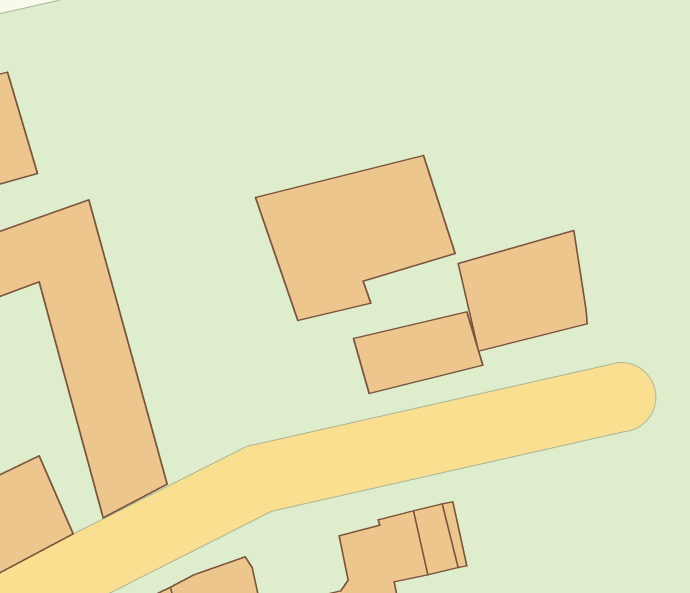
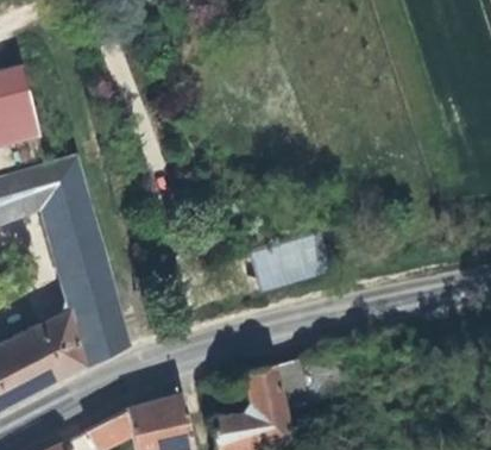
building: [256,155,455,321] -> none
building: [458,230,587,351] -> none
building: none -> [40,311,83,376]

